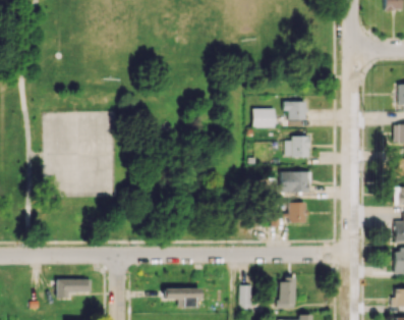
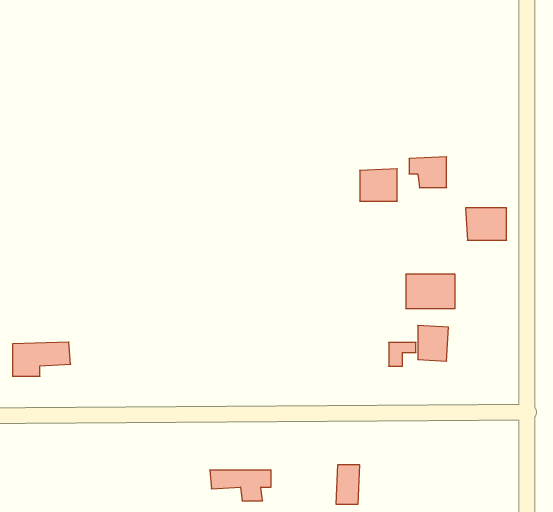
building: [286,138,310,157] -> [466,208,507,240]
building: [58,278,93,299] -> [13,342,71,376]
building: [280,278,297,308] -> none

